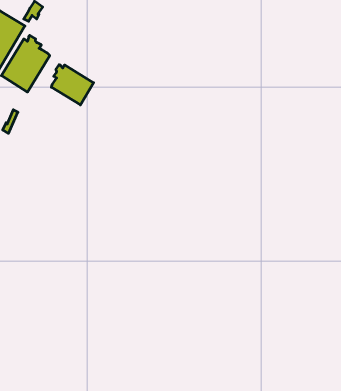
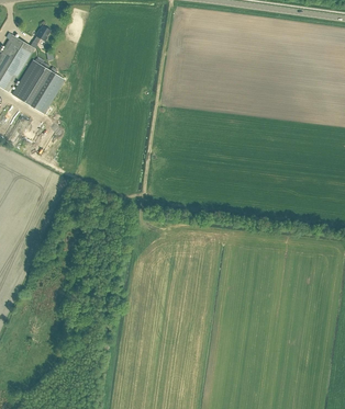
building: [51,65,94,105] -> none

